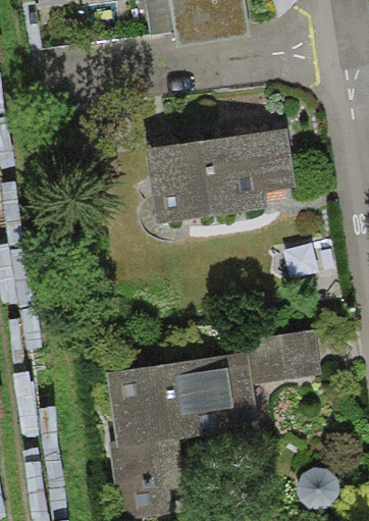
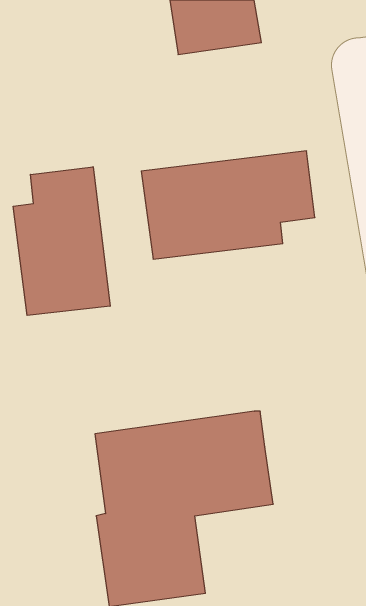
building: none -> [13,167,110,315]
building: [243,329,322,383] -> none

